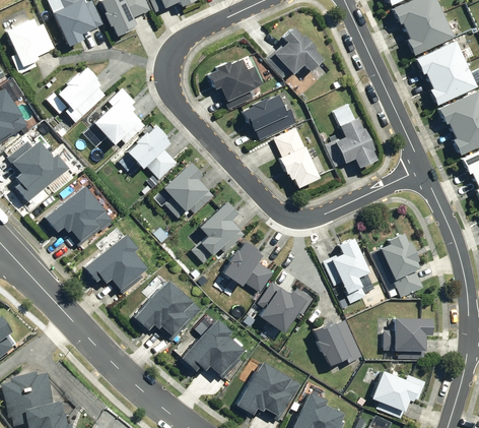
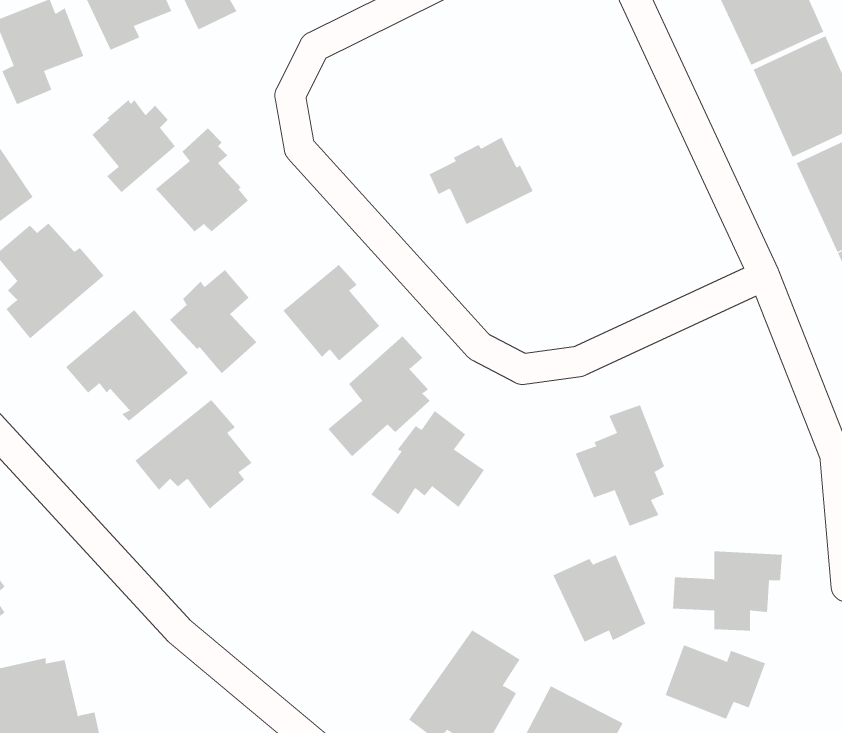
building: [265,26,326,79] -> none
building: [207,58,265,109] -> none
building: [337,116,379,167] -> none
building: [128,124,176,181] -> [169,269,257,374]
building: [275,128,321,187] -> none
building: [380,232,422,297] -> none
building: [126,278,193,341] -> none
building: [254,282,311,334] -> none
building: [172,315,245,381] -> none

